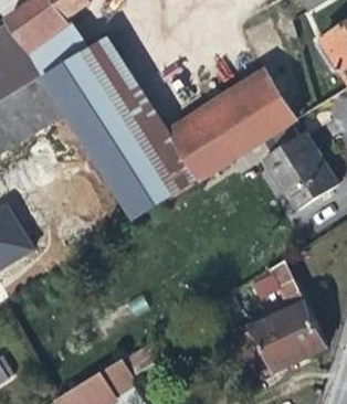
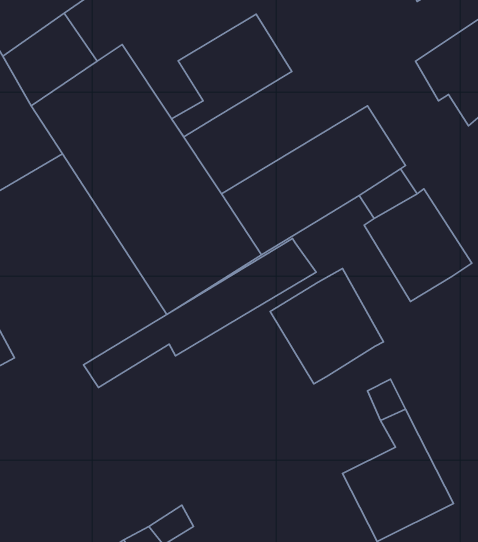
building: none -> [172,14,292,137]
building: none -> [84,239,316,388]
building: none -> [270,268,384,384]

